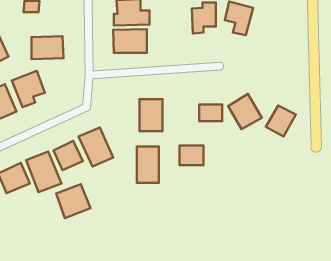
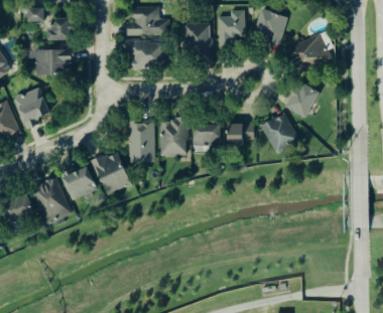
building: none -> [48,17,71,39]
building: none -> [185,21,214,56]
building: none -> [287,31,334,71]
building: [266,106,296,137] -> [286,81,321,116]
building: [180,146,203,165] -> [192,123,219,145]
building: [137,146,159,183] -> [128,122,153,163]
building: [56,184,90,218] -> none

